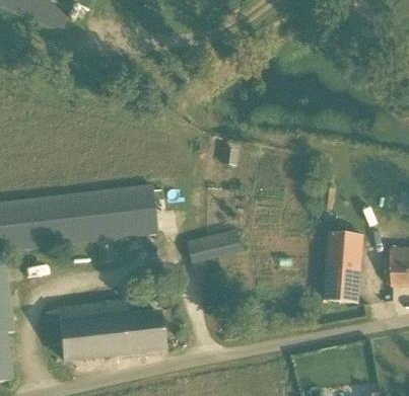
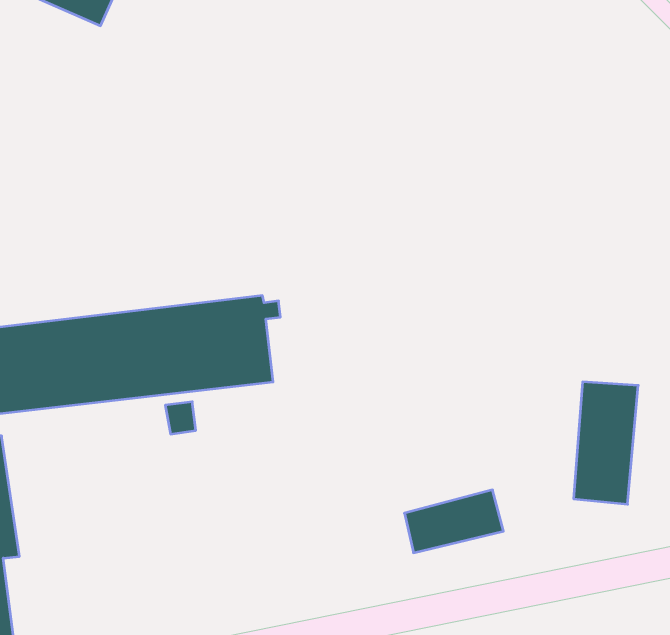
building: [185,229,241,264] -> [404,490,503,553]
building: [44,301,162,362] -> none

